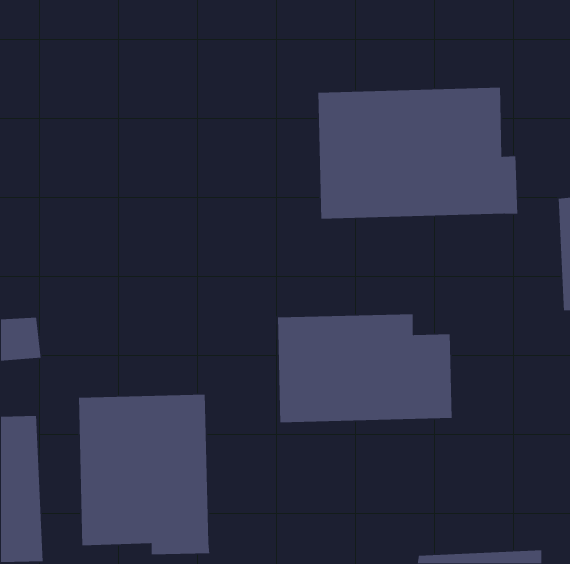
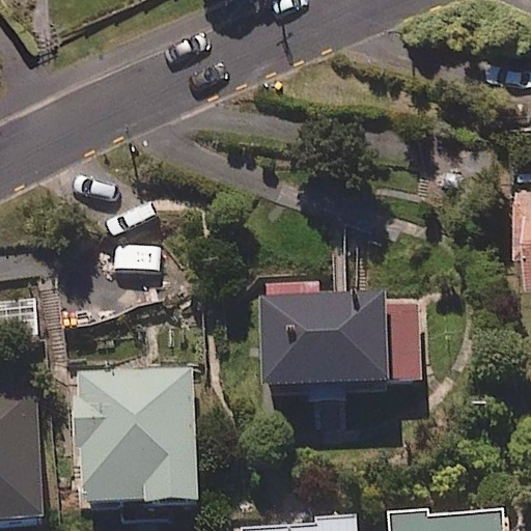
building: [317,87,518,219] -> none

